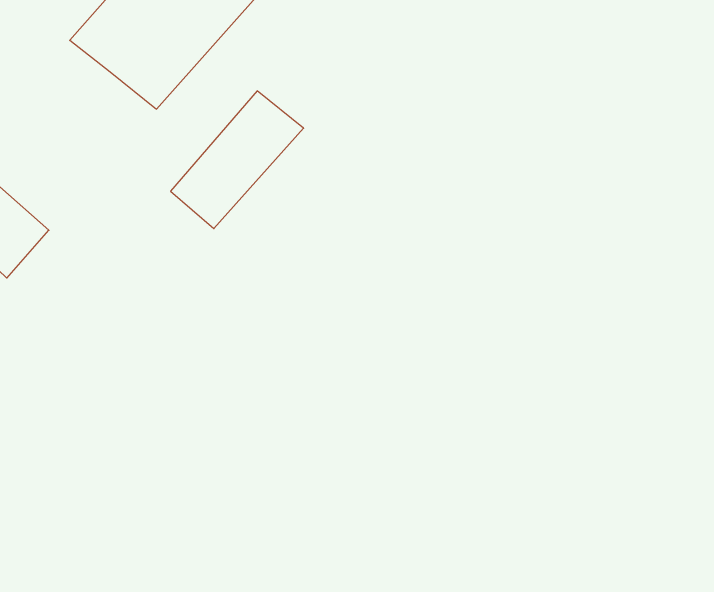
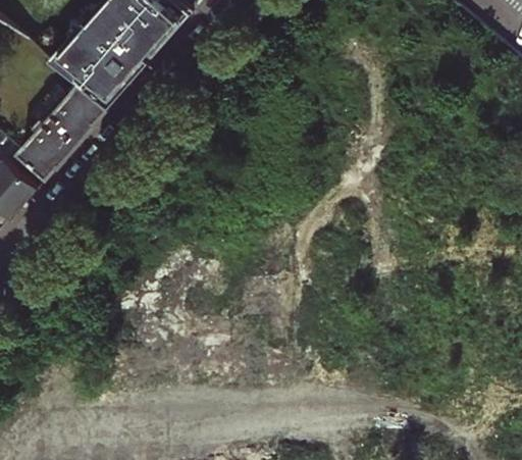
building: [171,91,304,229] -> [22,78,113,171]

